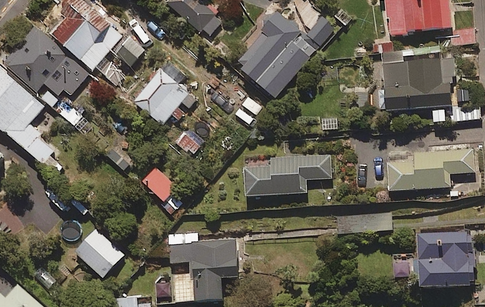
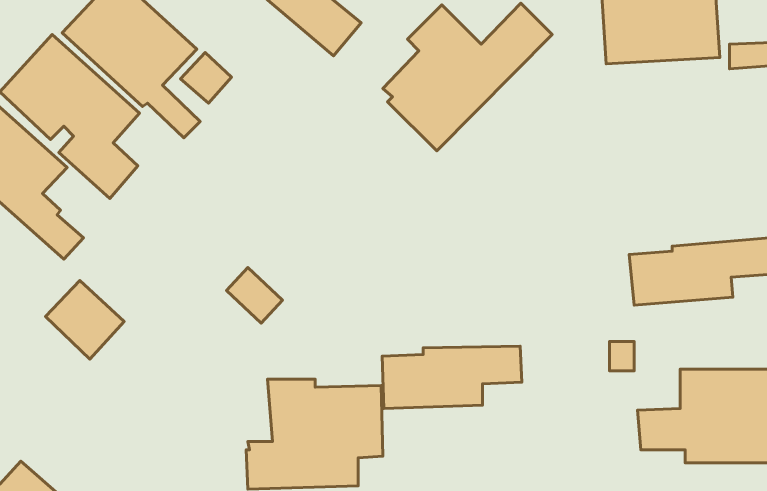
building: [381,45,455,109] -> none
building: [133,68,196,125] -> none
building: [245,156,330,194] -> [382,346,522,409]
building: [74,229,122,277] -> [45,280,124,359]

